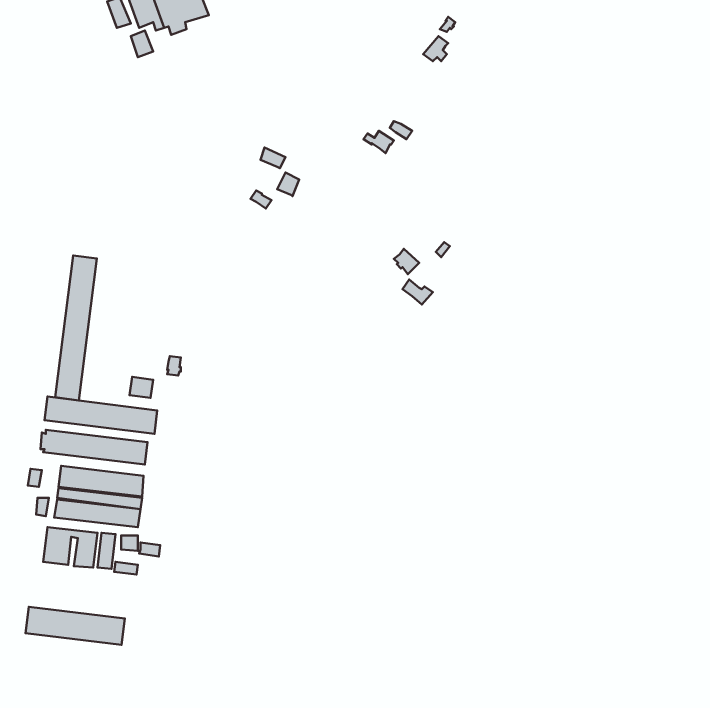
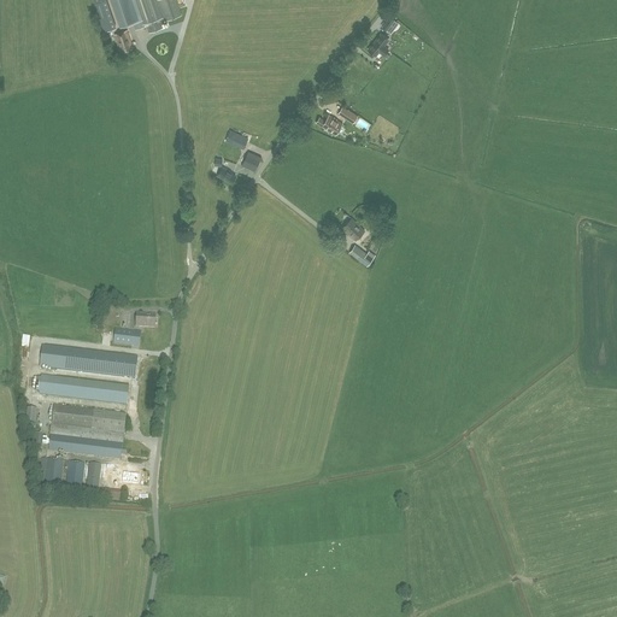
building: [55,255,97,400] -> none
building: [25,607,125,645] -> none

